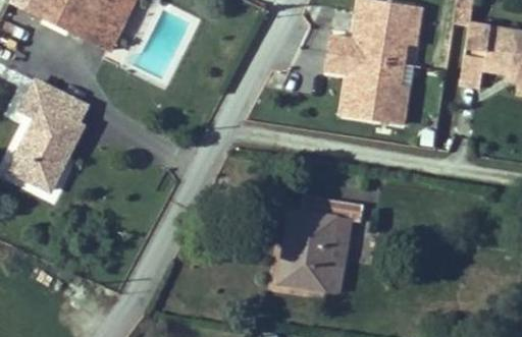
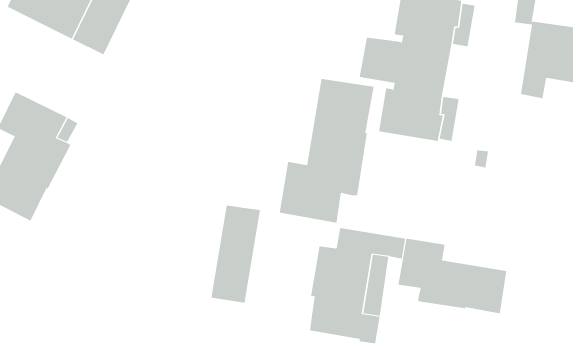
building: none -> [279,78,374,223]
building: none -> [211,204,260,303]
building: none -> [398,238,507,314]

